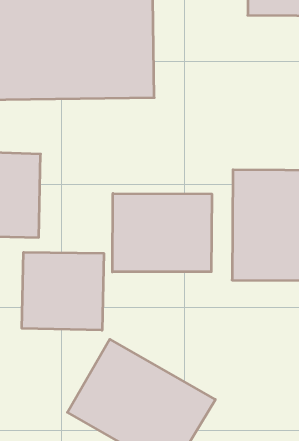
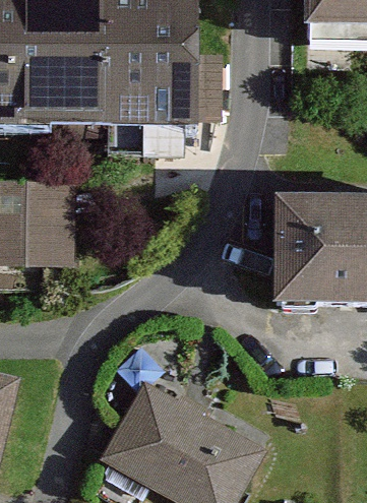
building: [112,193,212,272] -> none
building: [22,252,104,330] -> none

